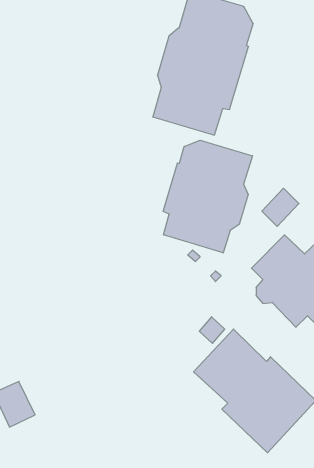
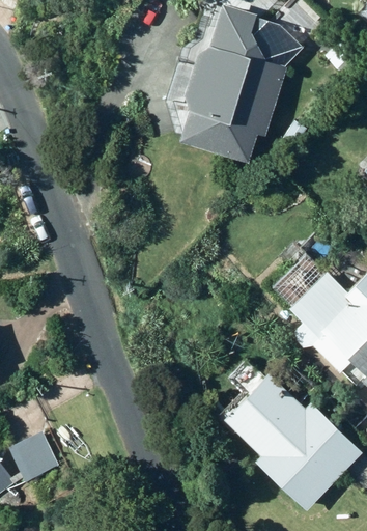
building: [163,140,253,253] -> none

